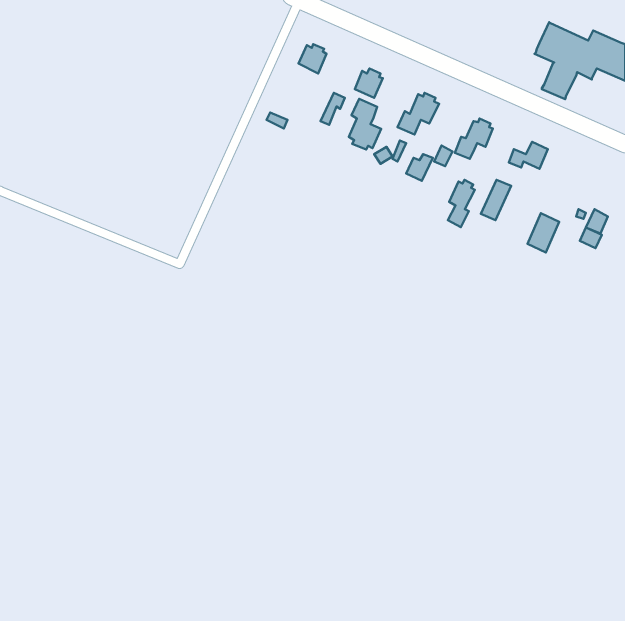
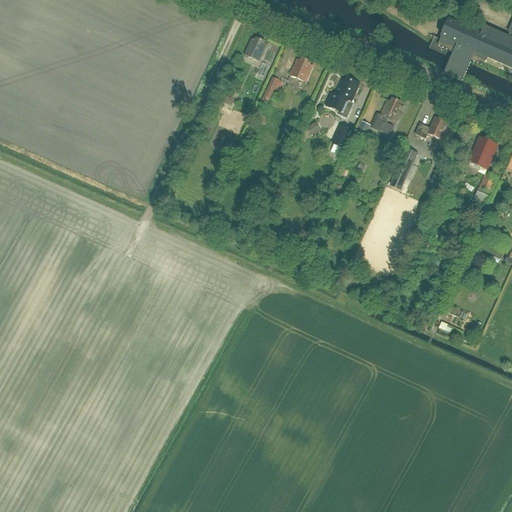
building: [349,99,381,149] -> none
building: [448,180,475,227] -> none
building: [528,213,559,252] -> [470,136,496,168]

